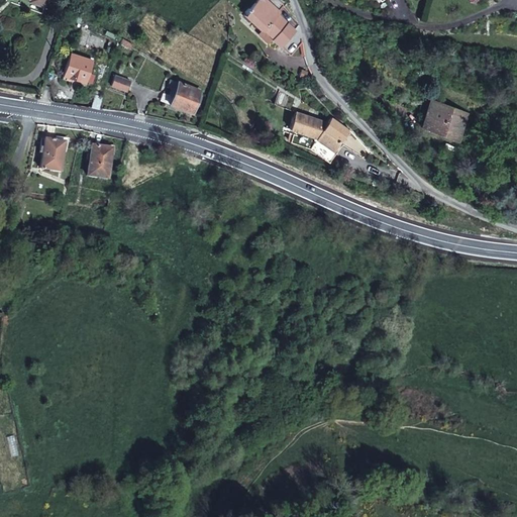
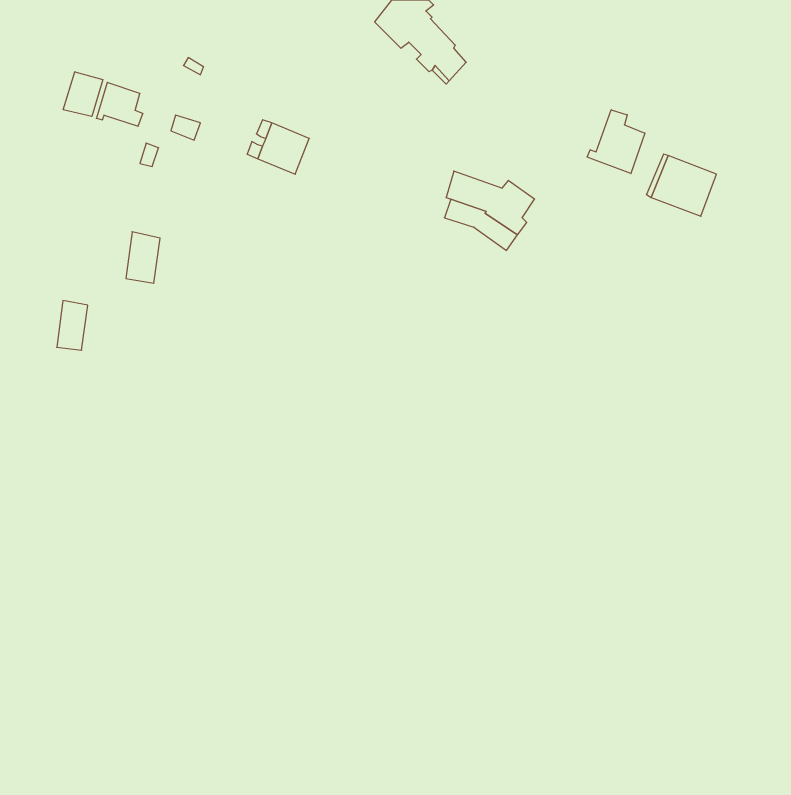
building: none -> [63,72,103,116]
building: none -> [587,110,645,174]
building: [40,143,61,176] -> [57,301,88,350]

